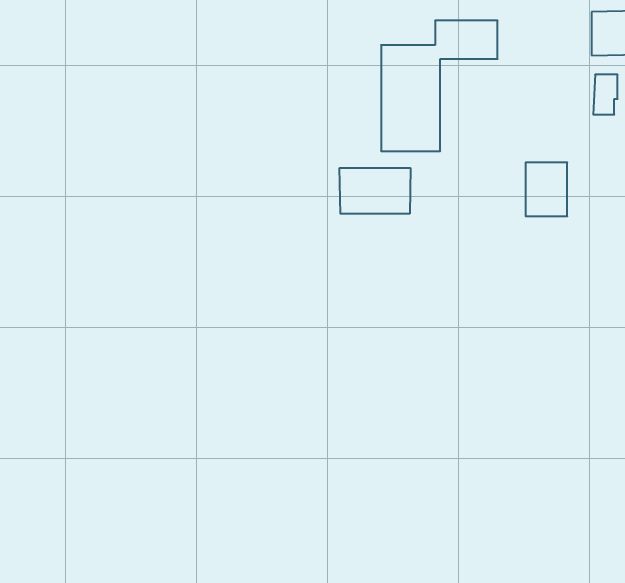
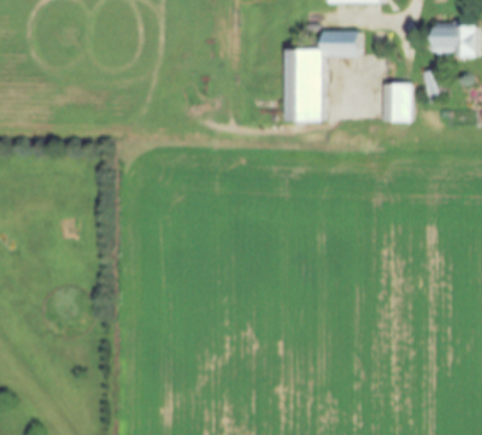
building: [526,162,567,216] -> [388,83,417,120]
building: [340,168,410,214] -> none

